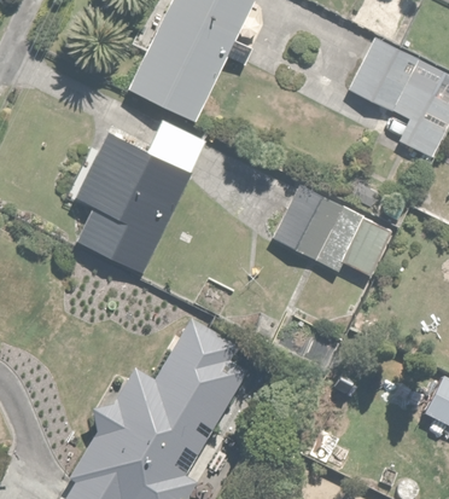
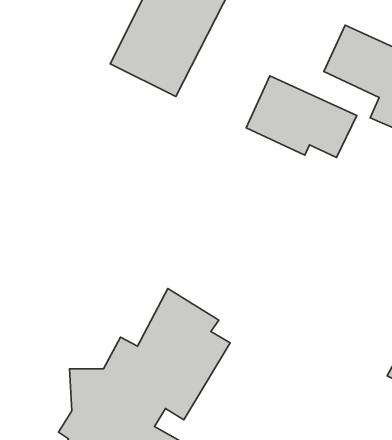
building: [74,120,208,272] -> none
building: [275,187,393,274] -> [246,76,357,157]

